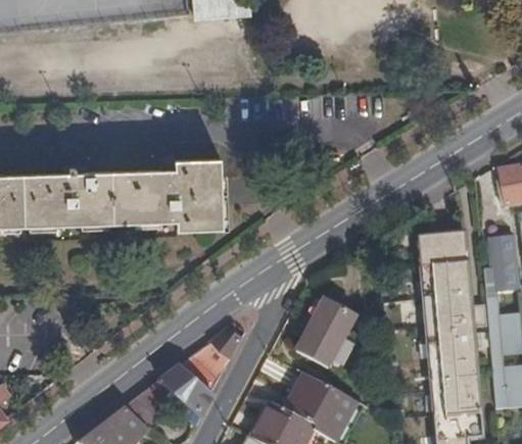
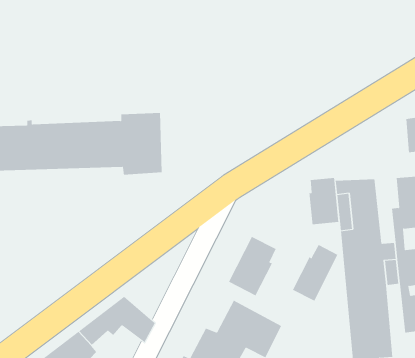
building: none -> [309,177,339,225]
building: none -> [292,244,338,301]
building: [177,331,243,399] -> none

